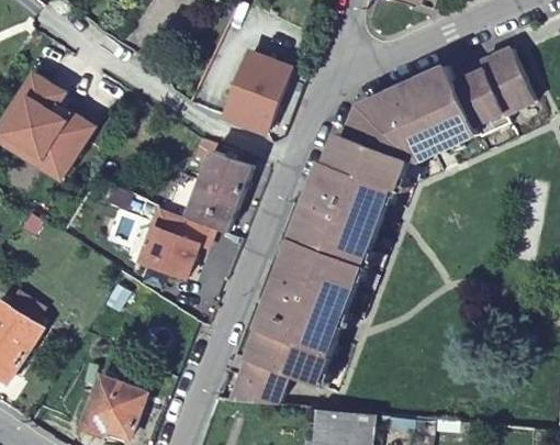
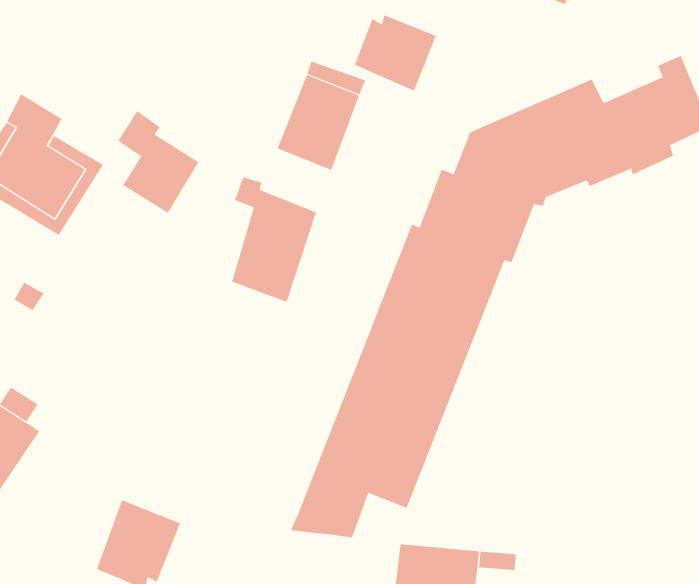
building: none -> [354,15,436,92]
building: none -> [118,110,199,214]
building: [141,205,212,275] -> none

